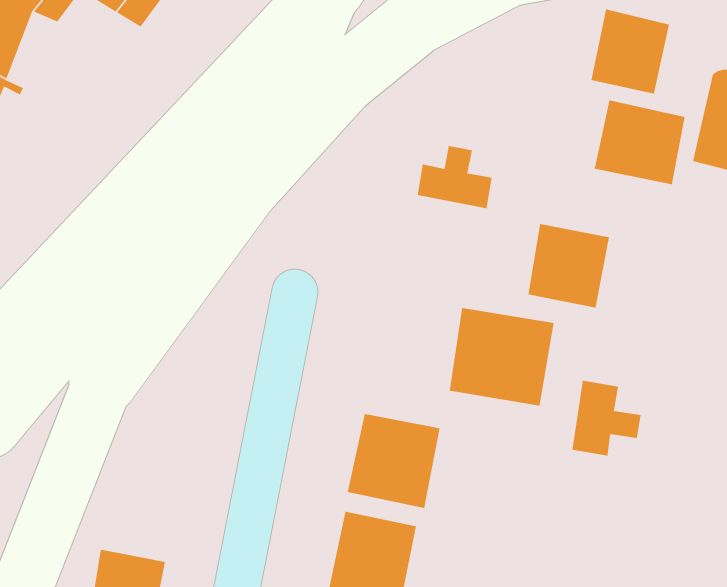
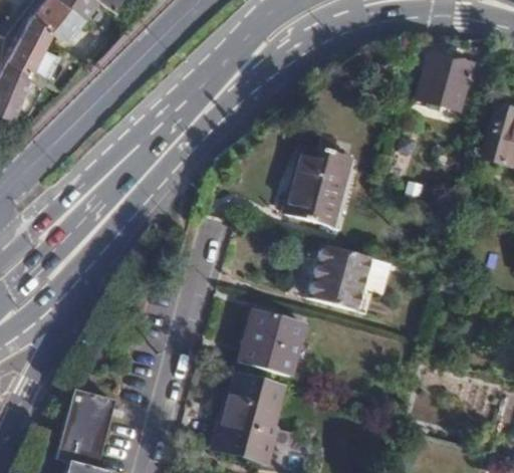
building: [594,100,685,185] -> none
building: [527,223,610,309] -> [287,168,344,227]
building: [571,380,641,457] -> none

